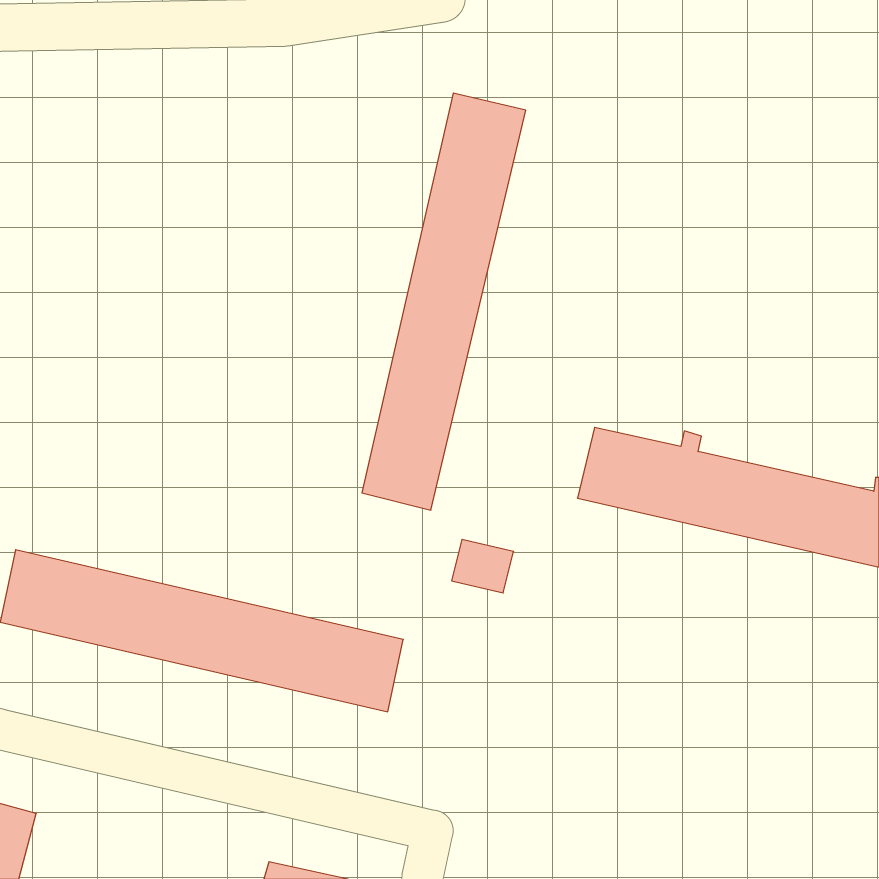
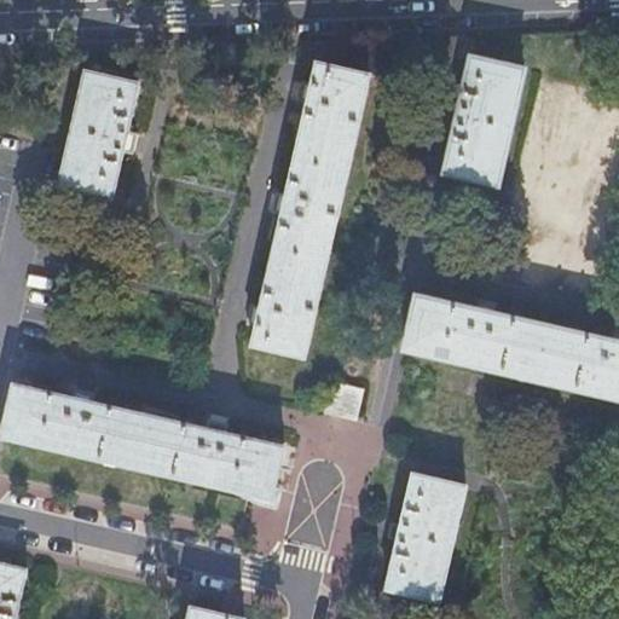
building: none -> [445,60,522,184]
building: none -> [59,74,137,197]
building: none -> [386,476,463,601]

